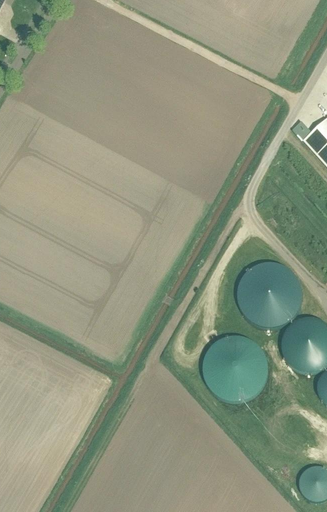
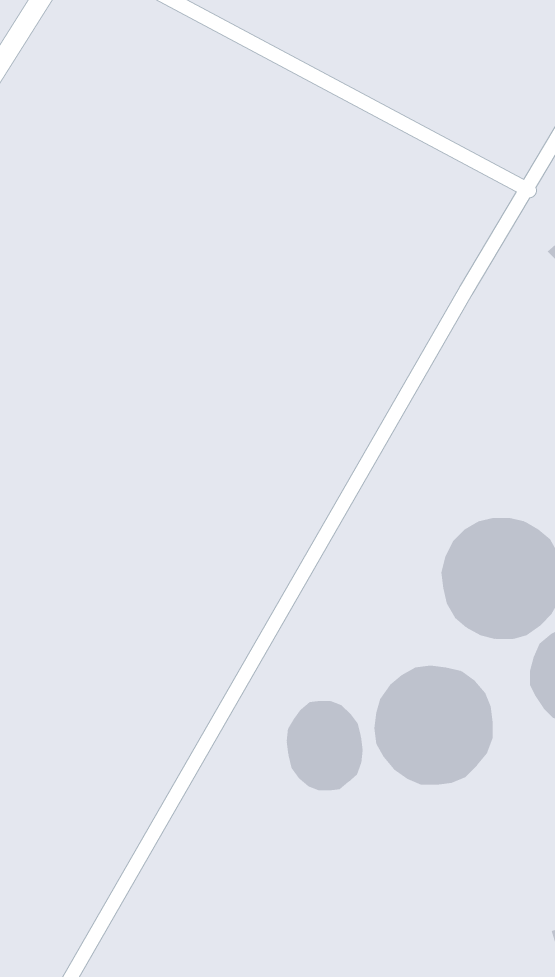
building: none -> [286,700,363,791]

